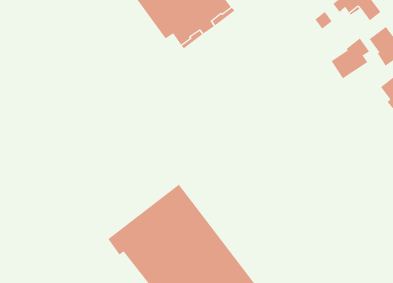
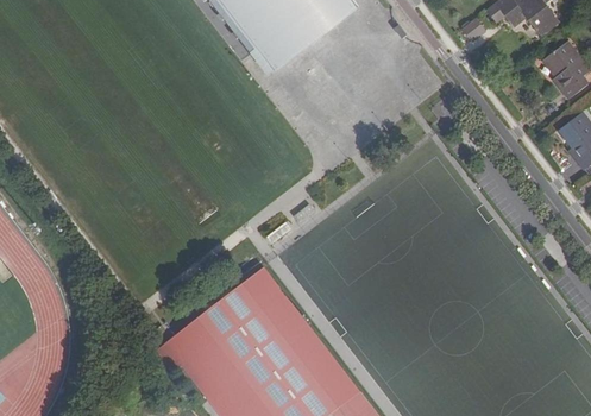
building: [331,38,370,79] -> none

